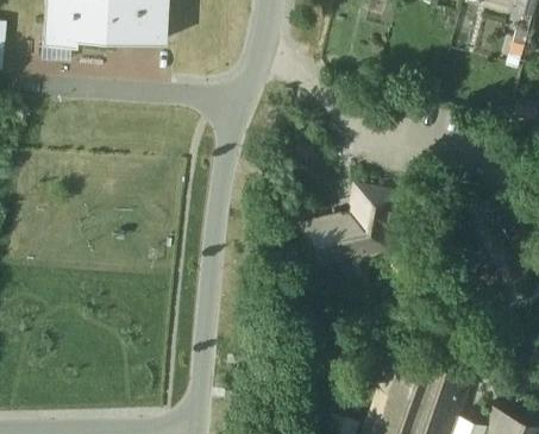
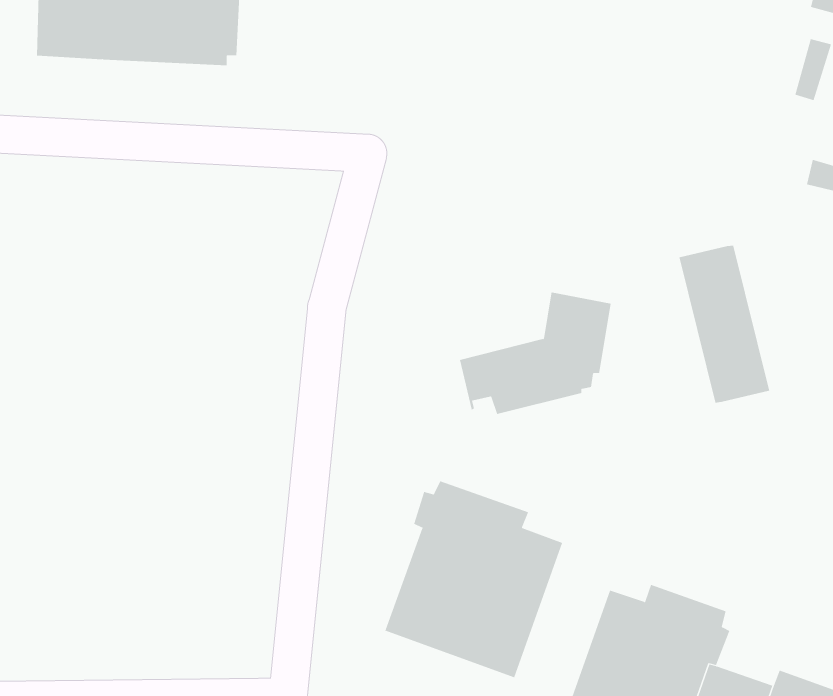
building: none -> [679,245,770,403]
building: none -> [384,481,563,678]

